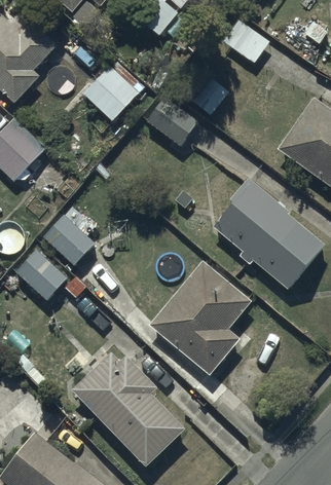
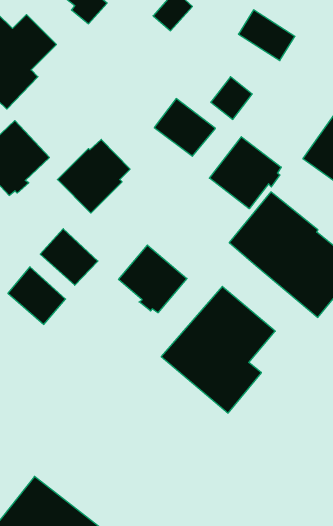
building: [82,55,147,121] -> [57,139,130,213]
building: none -> [209,137,281,209]
building: none -> [119,245,187,313]
building: [71,352,185,469] -> none

